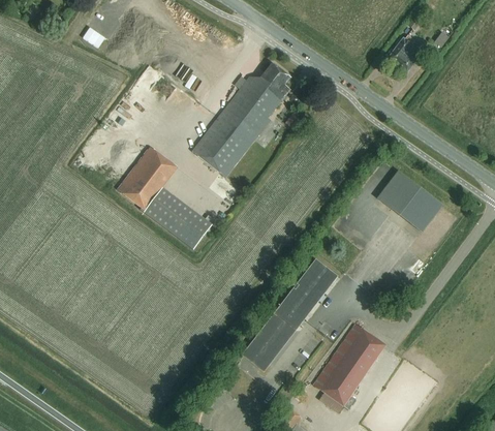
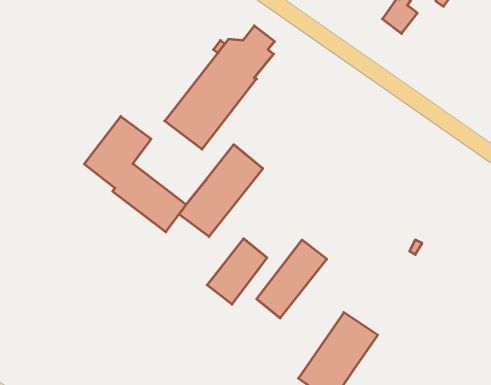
building: none -> [179,145,263,237]
building: [377,172,440,230] -> none
building: [242,311,297,371] -> [207,239,267,304]

